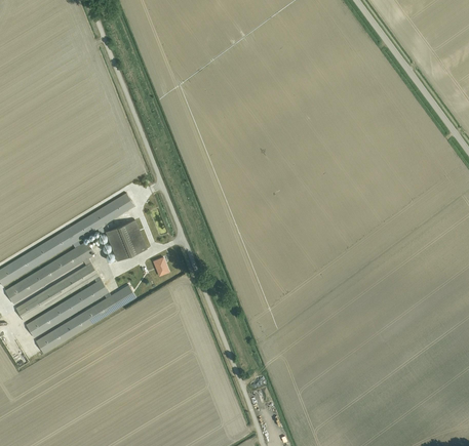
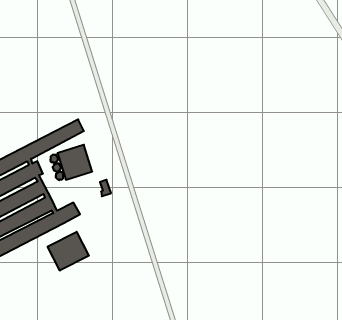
building: none -> [48,232,89,271]

